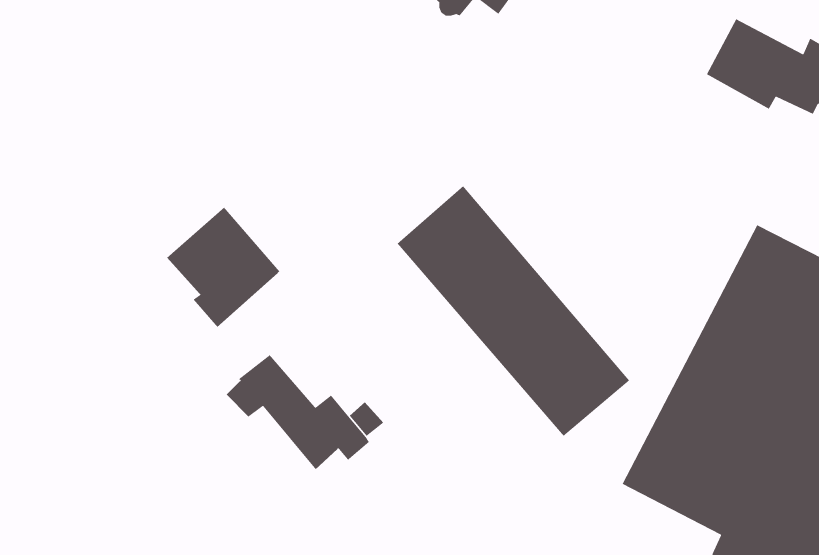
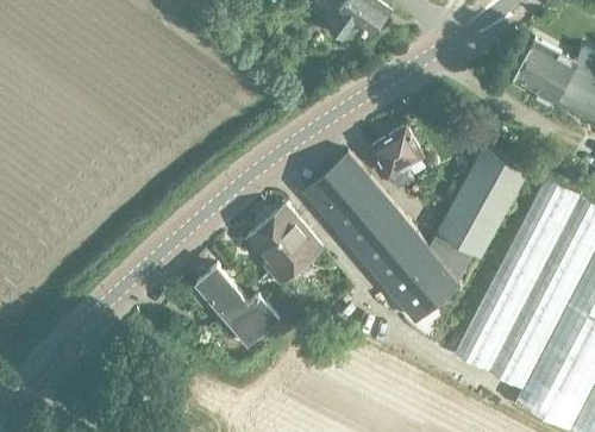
building: none -> [371,130,424,189]
building: none -> [438,150,528,257]
building: [166,206,280,328] -> [246,206,324,288]

